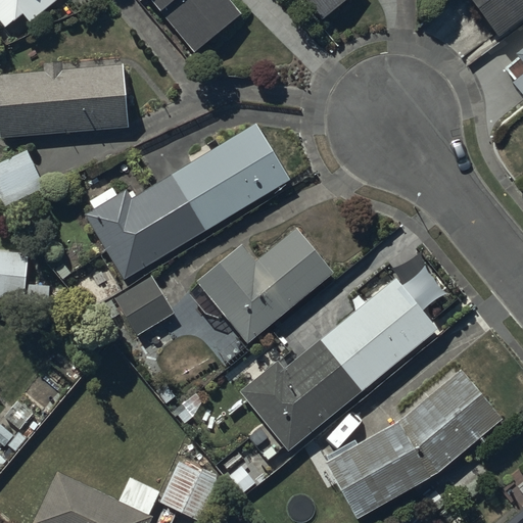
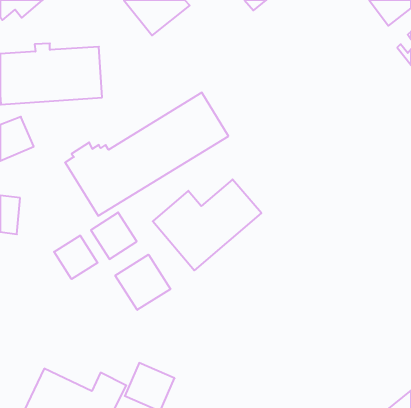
building: [237,282,434,454] -> none
building: none -> [54,235,98,279]
building: none -> [115,255,170,310]
building: [325,365,503,512] -> none

